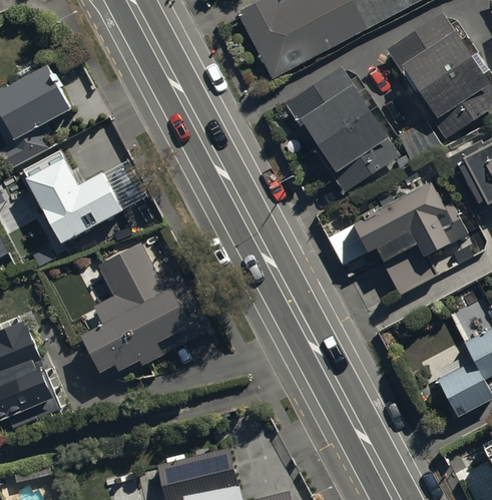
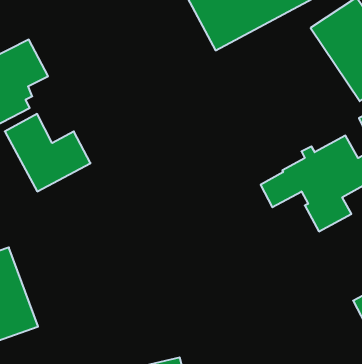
building: [285,65,399,192] -> none
building: [67,243,209,371] -> none

